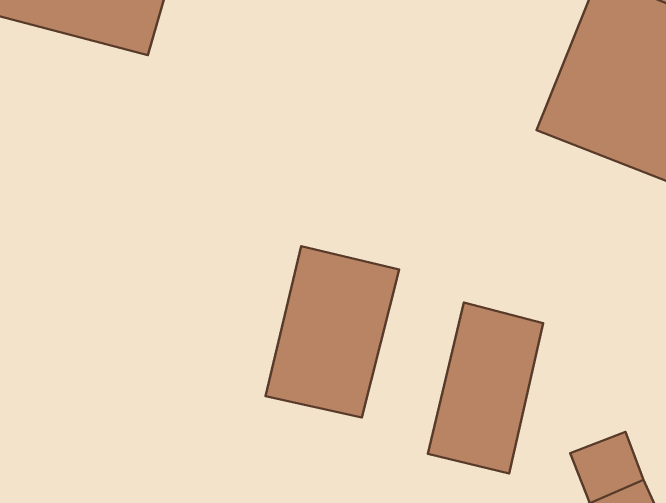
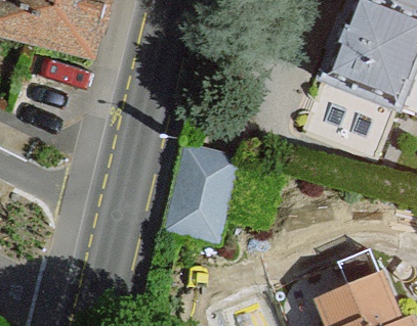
building: [428,303,543,473] -> none

